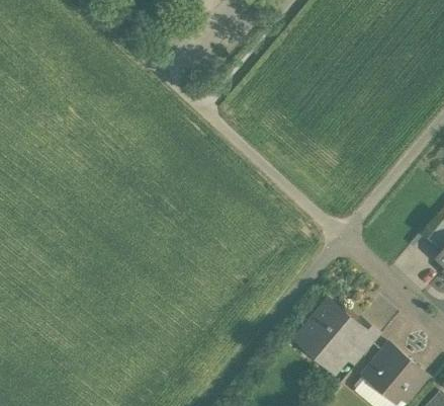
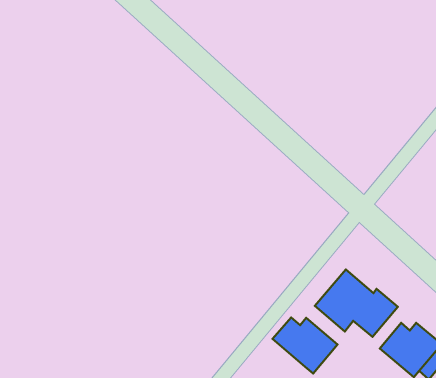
building: none -> [273,317,338,373]

